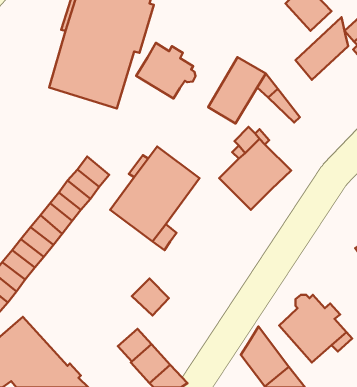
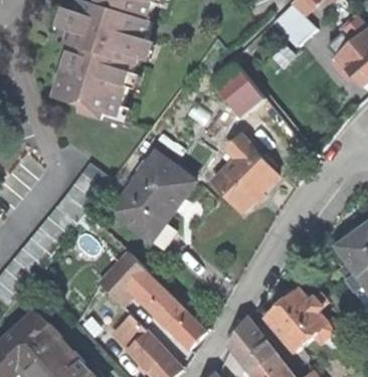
building: [296,17,348,80] -> none
building: [136,43,195,98] -> none
building: none -> [98,251,149,304]
building: none -> [150,293,205,348]

